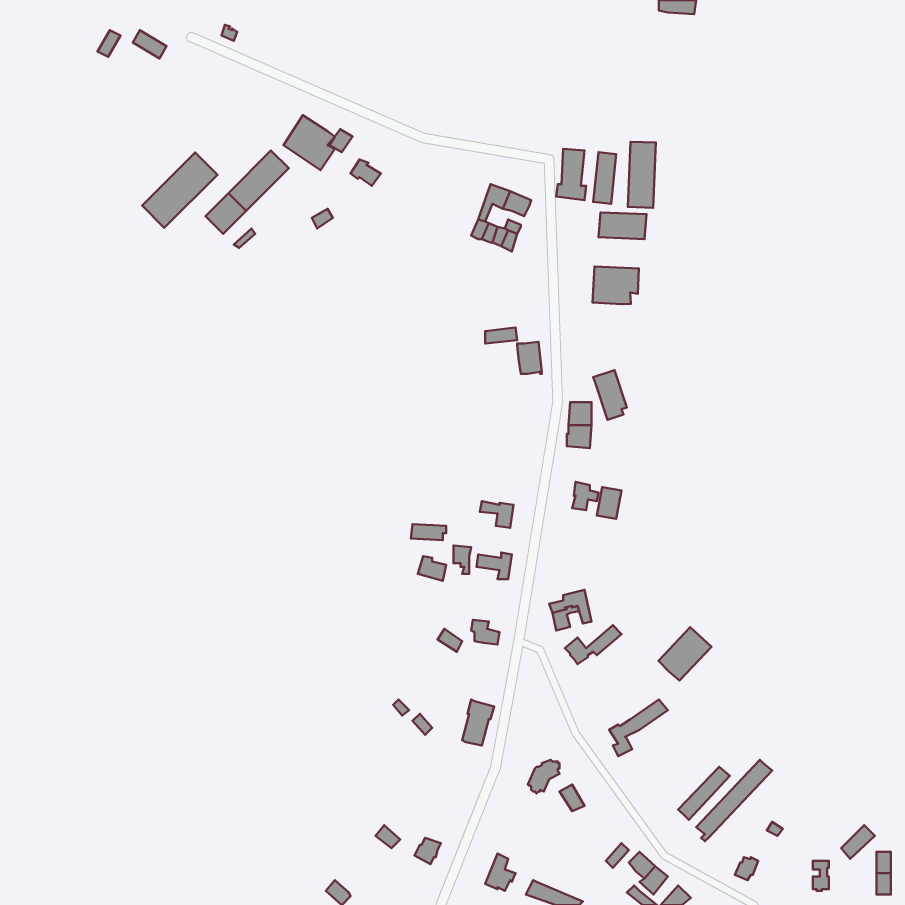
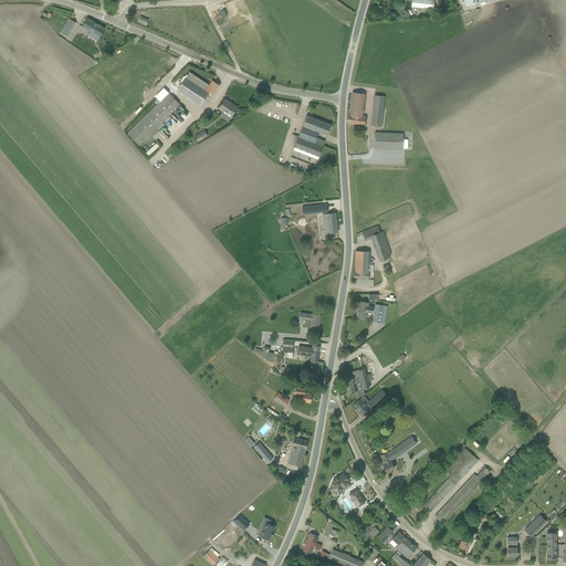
building: [628,142,656,208] -> none
building: [142,153,217,228] -> none
building: [593,267,639,304] -> none
building: [658,627,711,680] -> [446,448,479,481]

